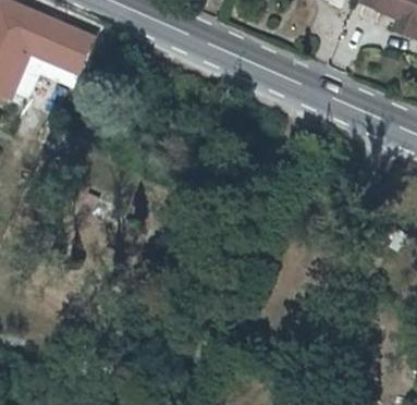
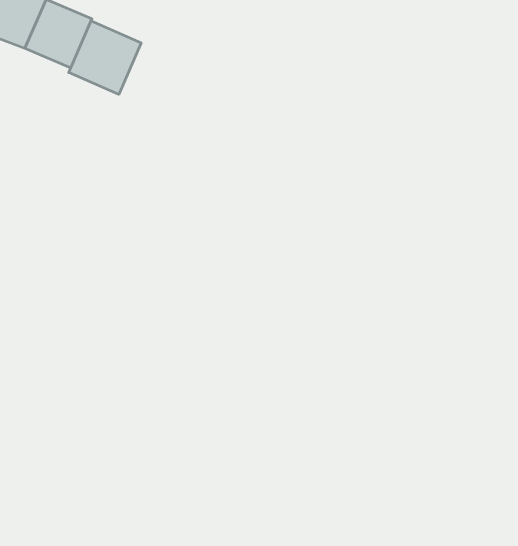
building: none -> [69,21,141,94]

